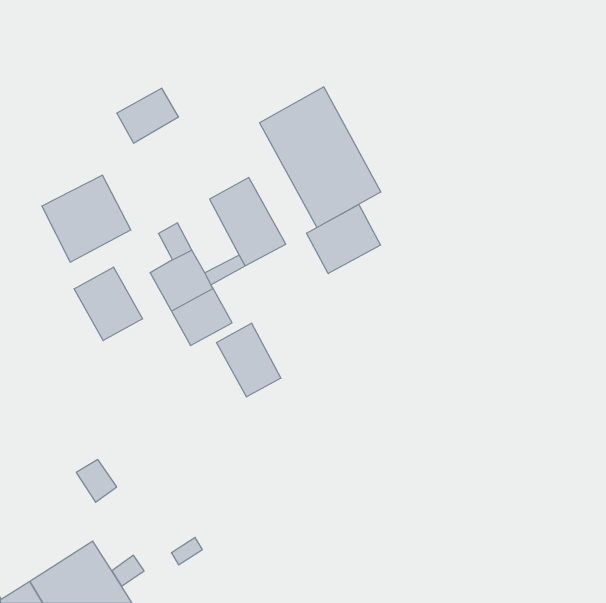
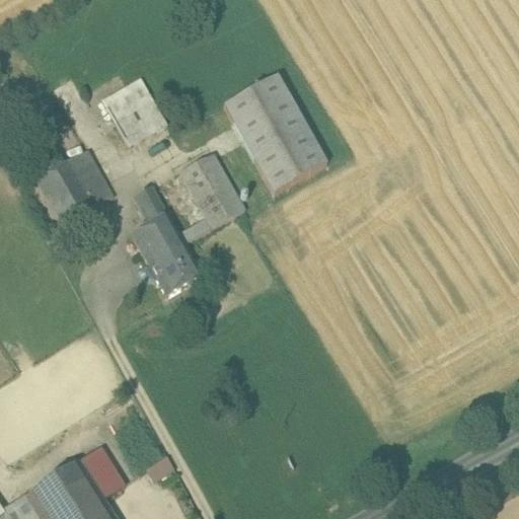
building: none -> [116,99,168,146]
building: [307,205,381,274] -> none
building: [74,267,143,341] -> none
building: [217,323,281,397] -> none
building: [76,459,117,502] -> [81,449,116,486]

